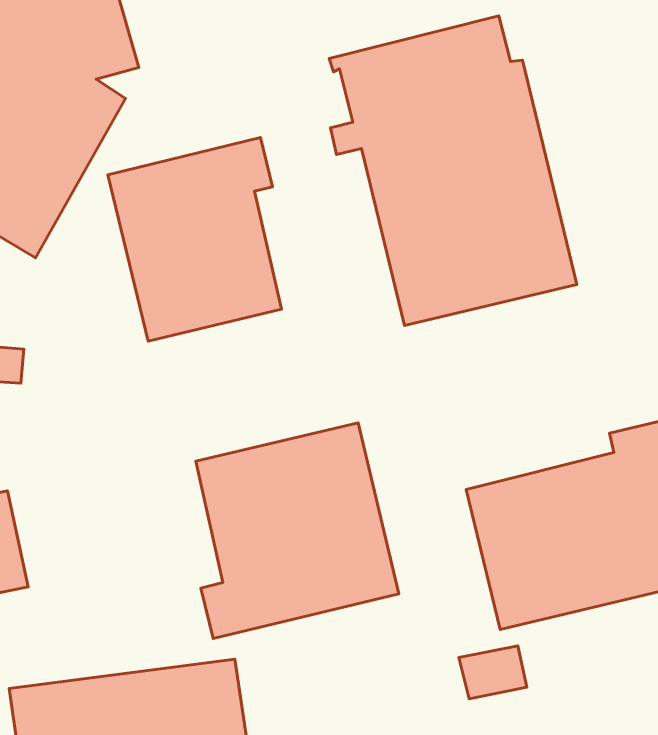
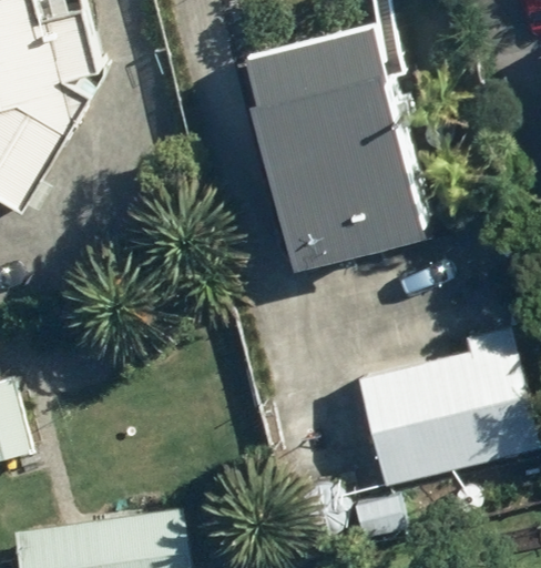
building: [108,138,282,341] -> none
building: [196,423,399,639] -> none

